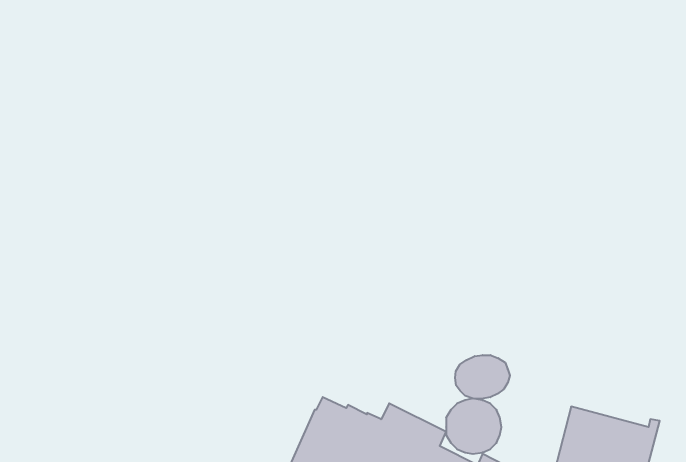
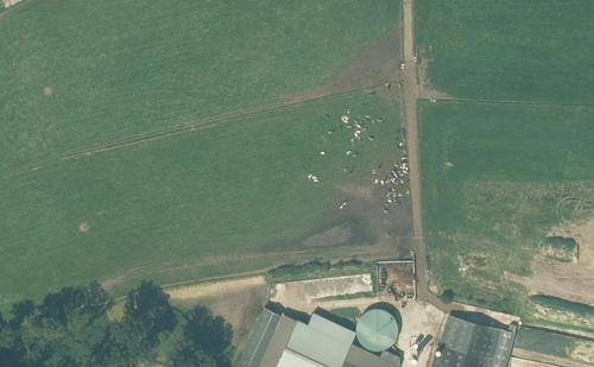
building: [455,355,510,399] -> none

